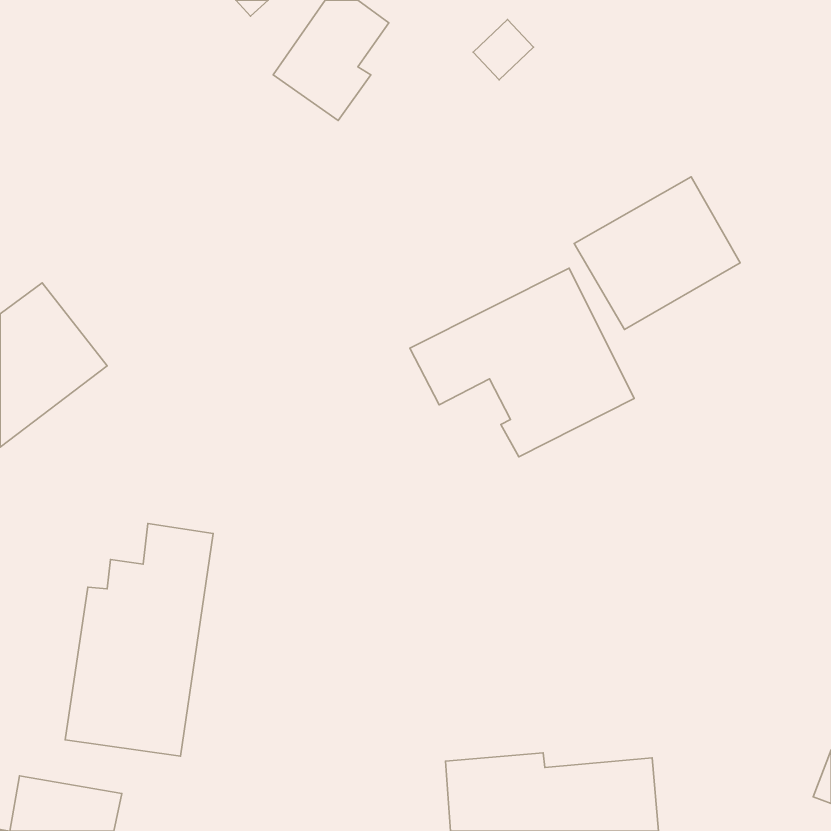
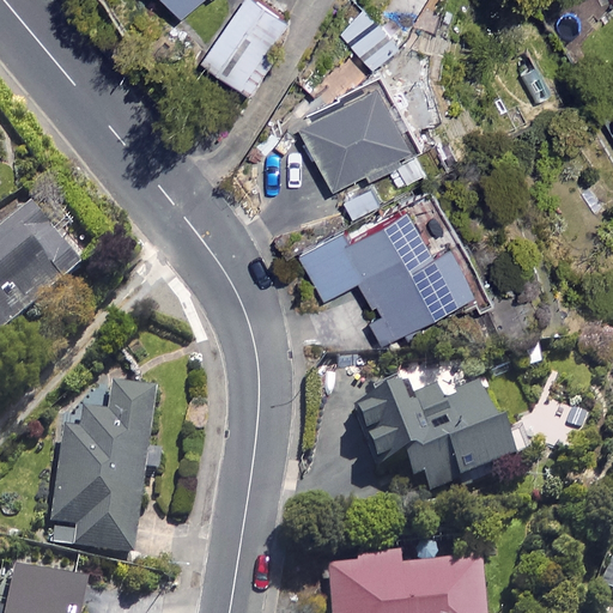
building: [574,177,740,330] -> [298,73,420,186]
building: none -> [351,384,508,498]

